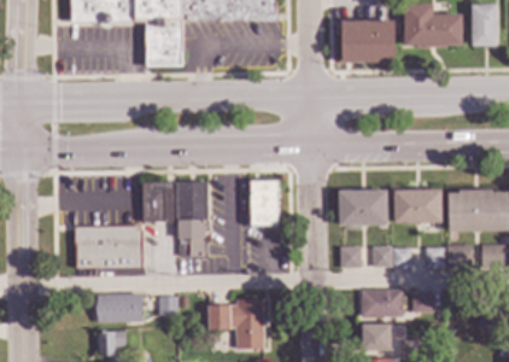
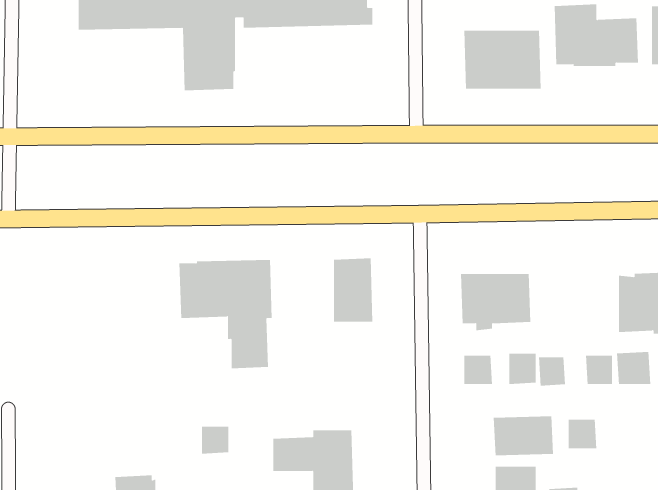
building: [394,189,443,233] -> none
building: [76,227,144,268] -> none
building: [98,293,144,322] -> none

